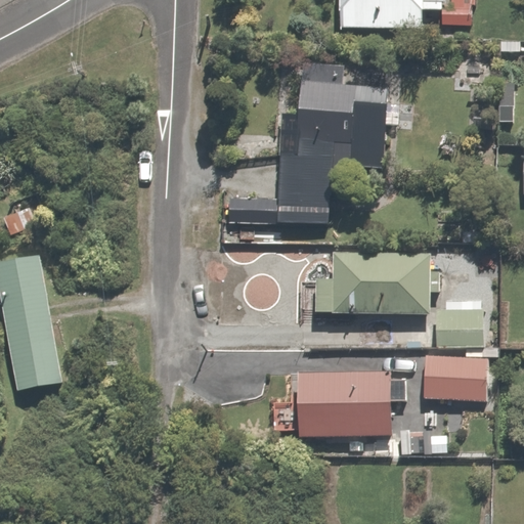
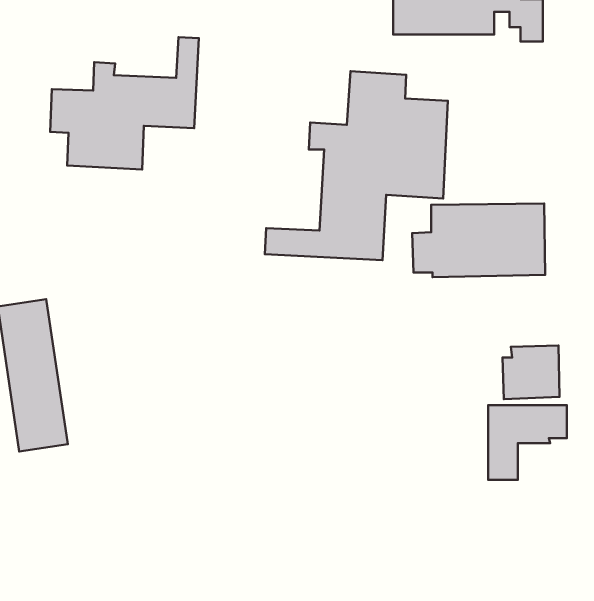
building: none -> [50,37,199,169]
building: [315,253,430,316] -> [412,204,545,277]
building: [298,370,390,436] -> none

